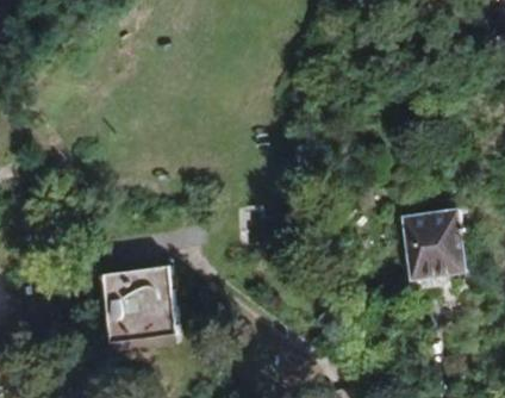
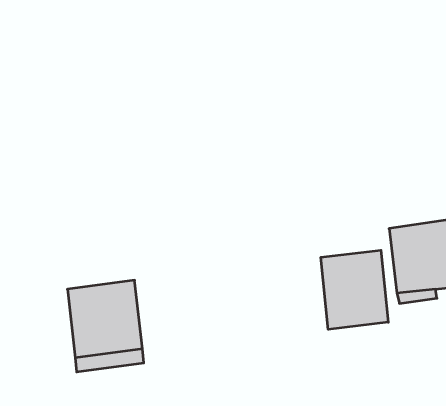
building: none -> [321,250,388,329]

